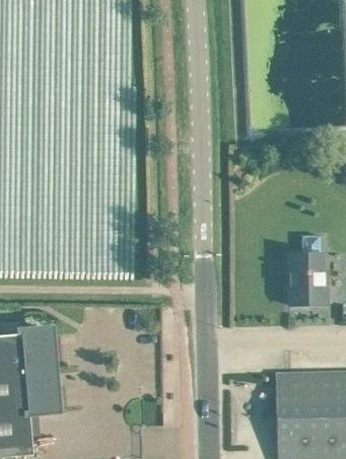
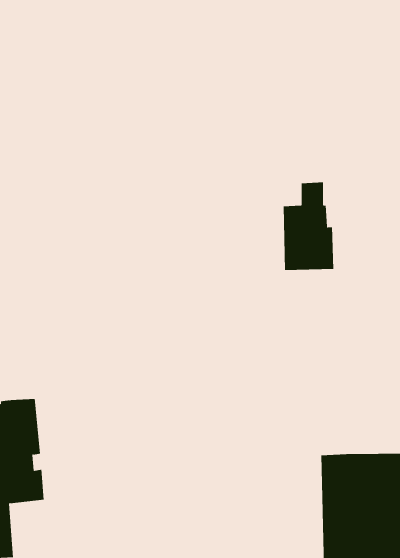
building: [287,235,328,305] -> [283,182,334,270]

